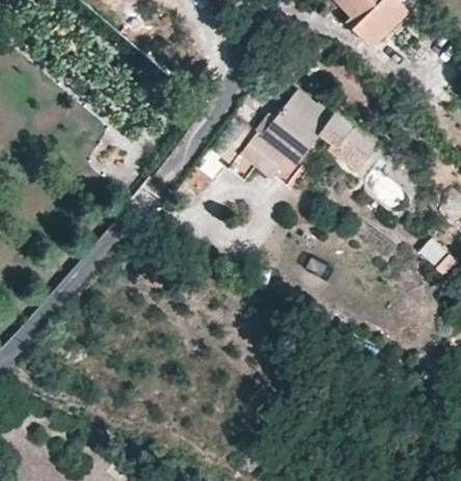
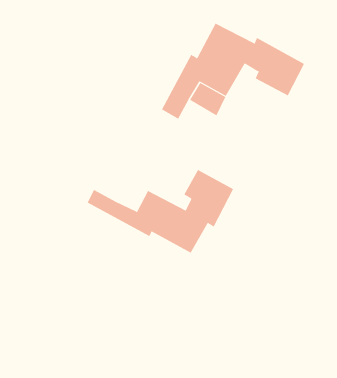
building: none -> [87,169,234,253]

